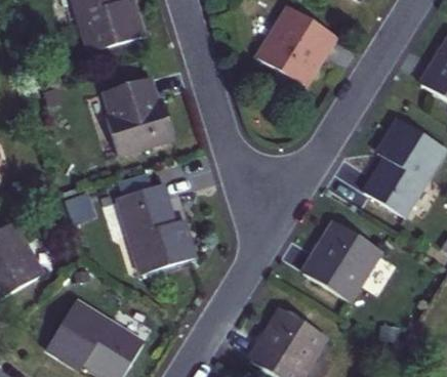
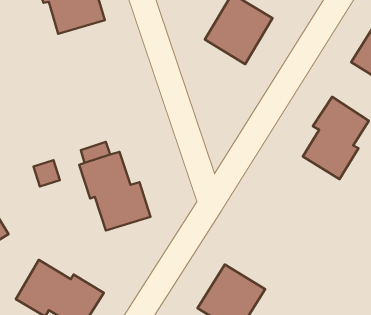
building: [103,78,175,156] -> none
building: [300,220,380,300] -> none

